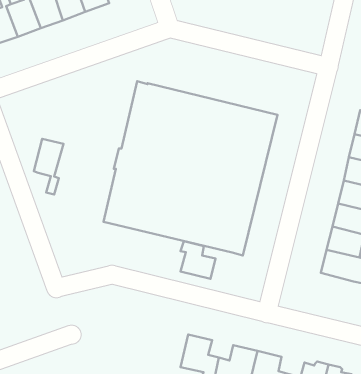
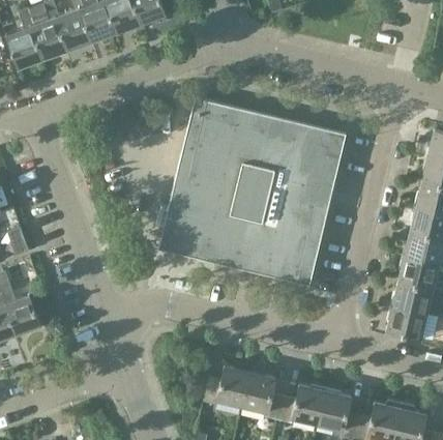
building: [34,139,63,194] -> none
building: [180,241,215,279] -> none
building: none -> [386,304,427,339]
building: none -> [203,364,249,406]

